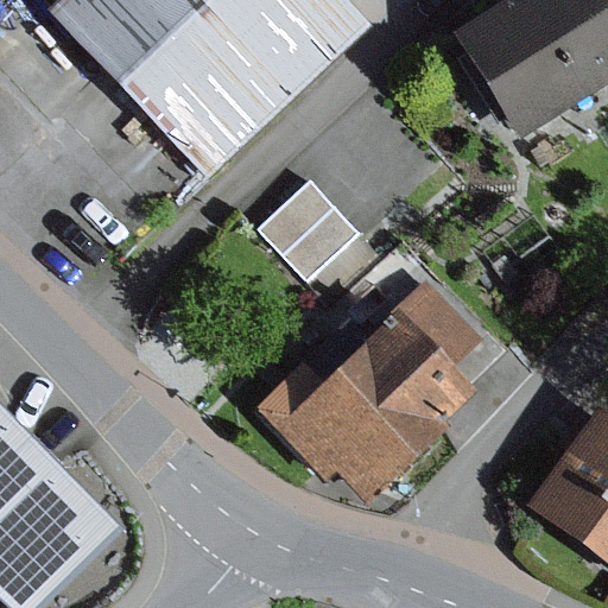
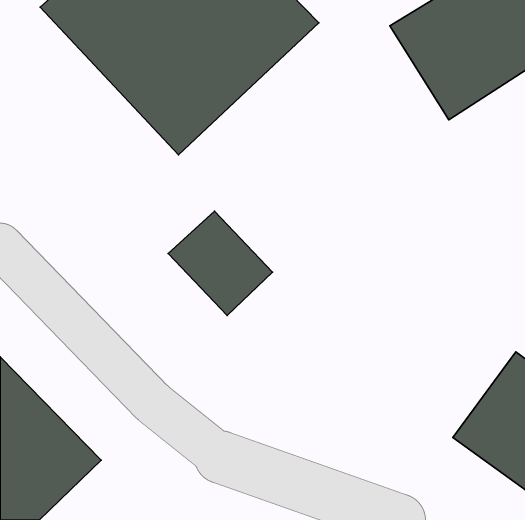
building: [259,175,379,294] -> [168,211,272,315]
building: [255,271,483,504] -> none

